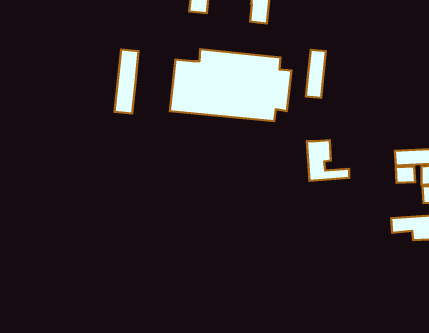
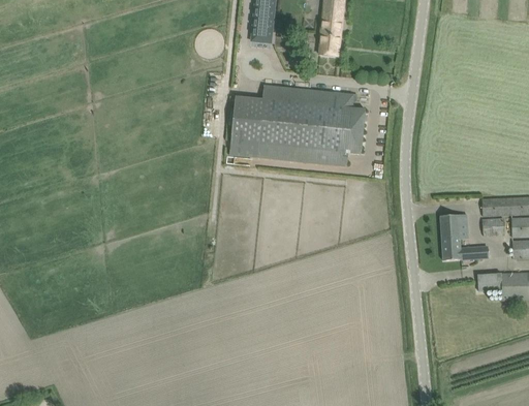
building: [115,50,139,114] -> none
building: [306,50,326,98] -> none
building: [307,140,349,181] -> [440,214,488,259]

